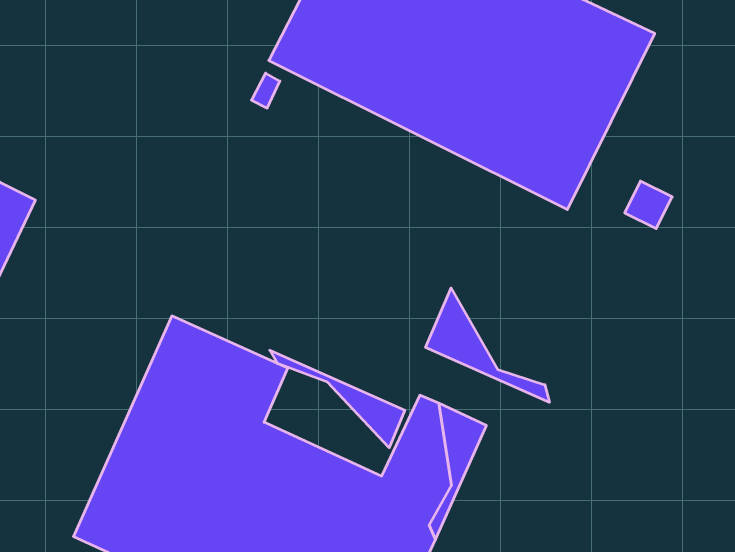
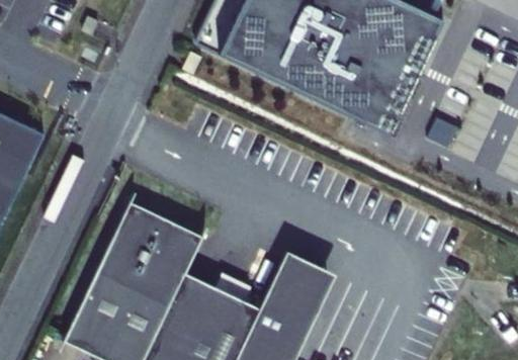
building: [426,288,549,402] -> none
building: [270,350,405,448] -> none

